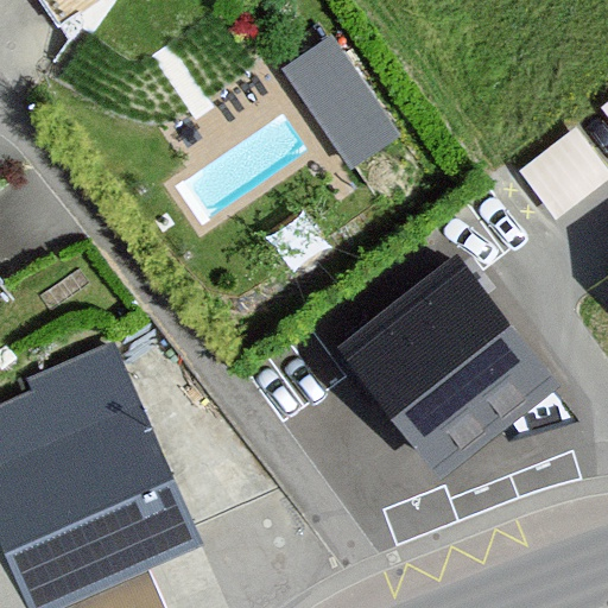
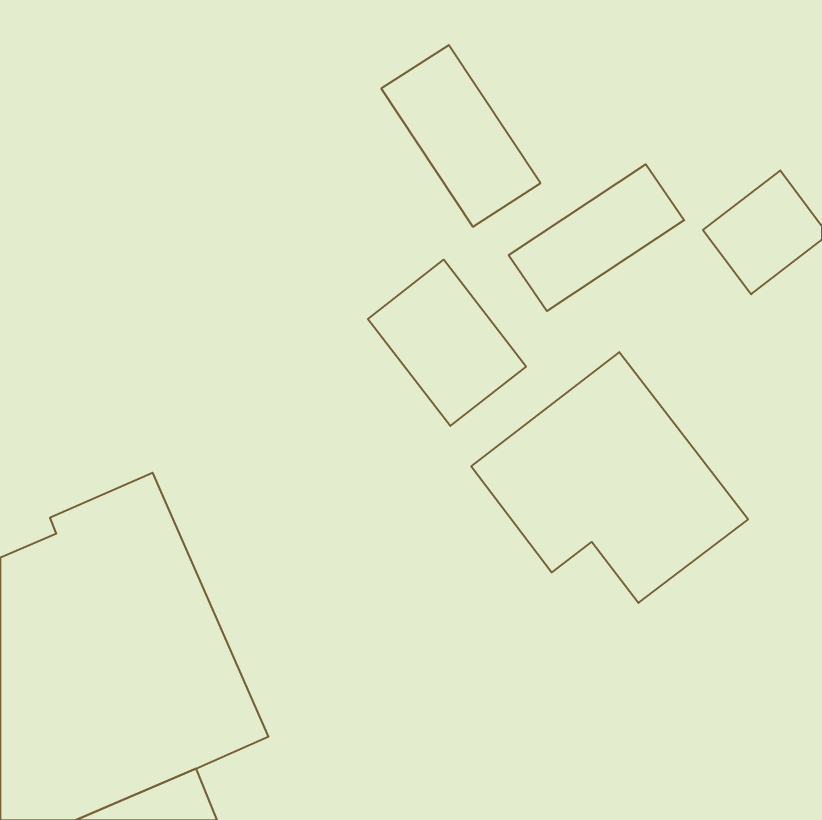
building: none -> [509,164,684,311]
building: none -> [368,260,526,426]

